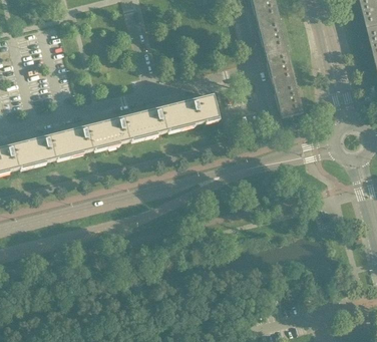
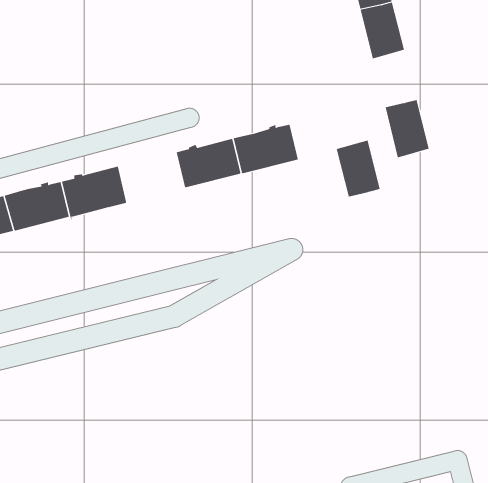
building: [265,47,294,84] -> [336,140,381,197]
building: [100,113,143,148] -> none

